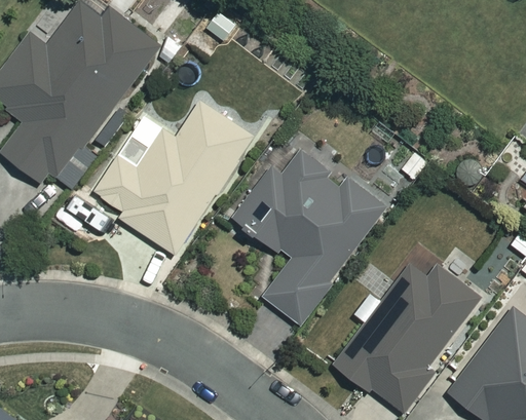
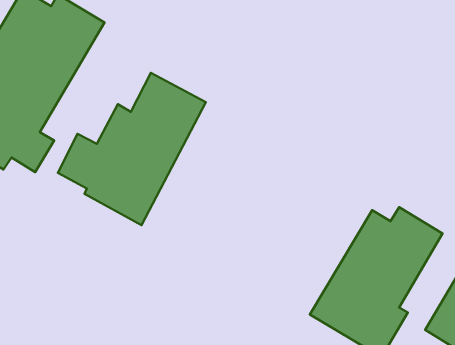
building: [233,151,385,326] -> none

